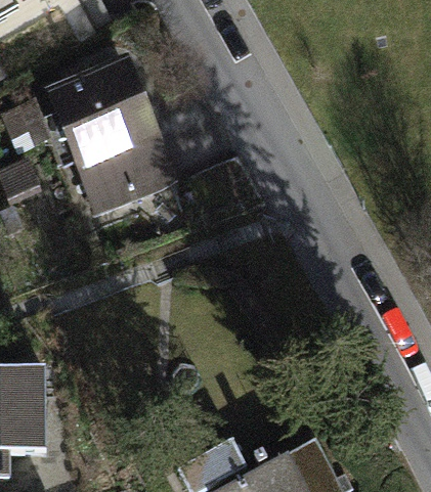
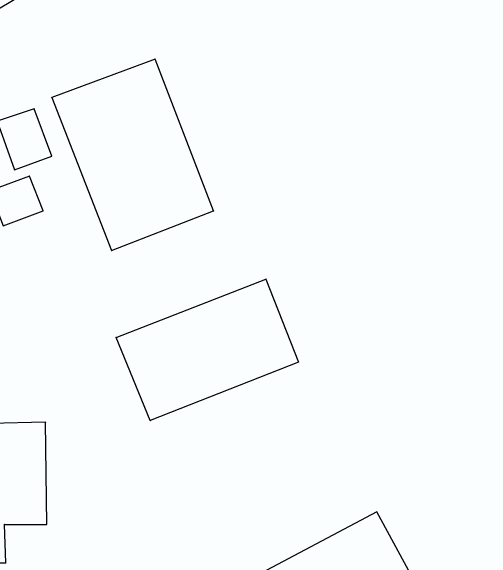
building: none -> [116,279,298,421]

